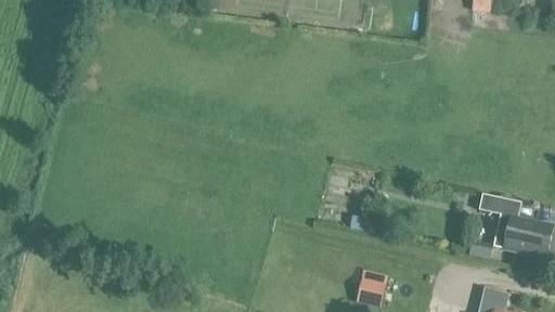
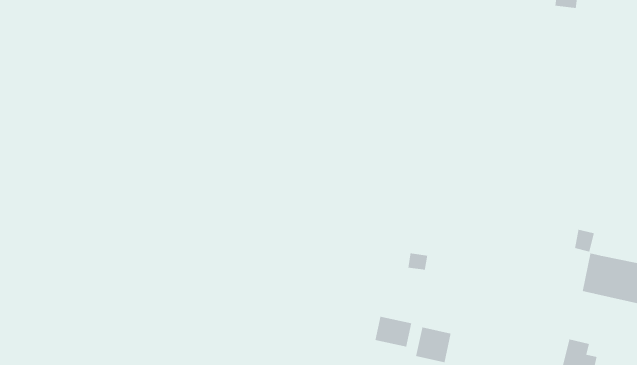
building: none -> [374,316,412,348]

